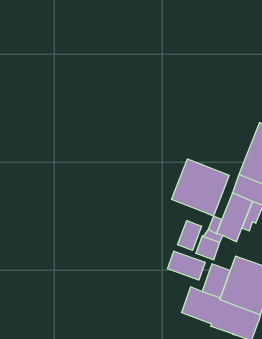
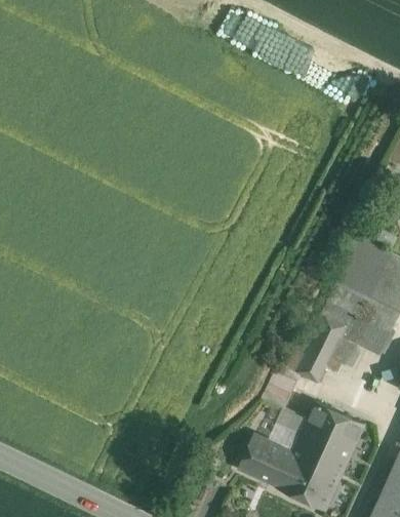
building: [171,159,229,216] -> none
building: [178,221,202,250] -> none
building: [168,251,205,280] -> none

